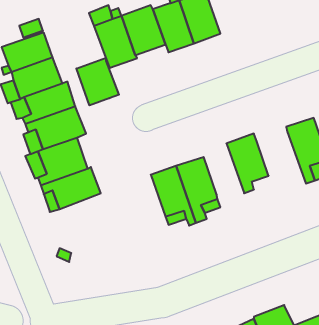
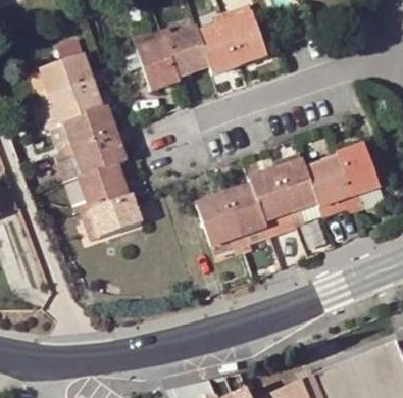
building: [76,58,119,105] -> none
building: none -> [305,156,356,216]
building: none -> [248,168,292,222]

